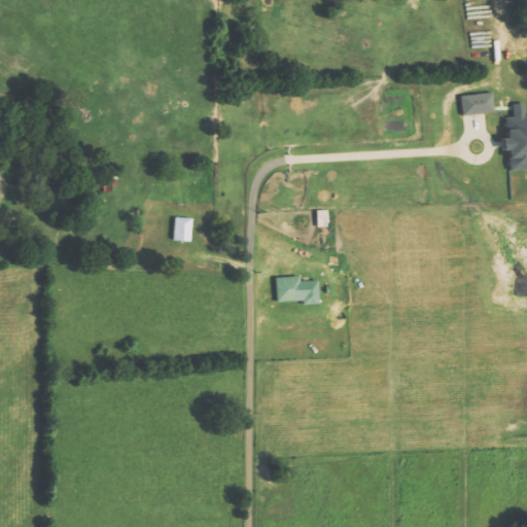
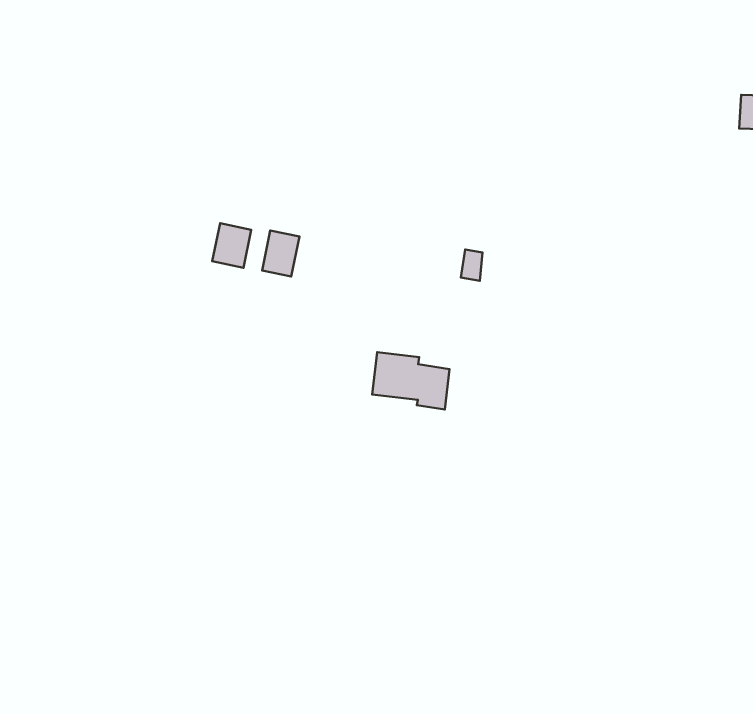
building: none -> [262,231,299,277]

